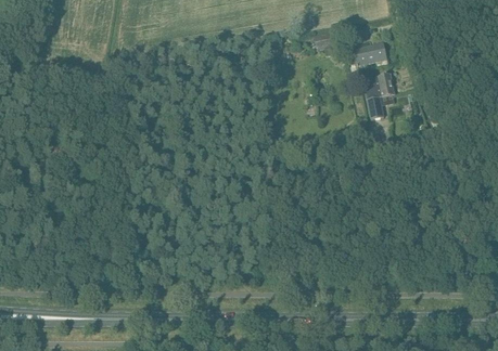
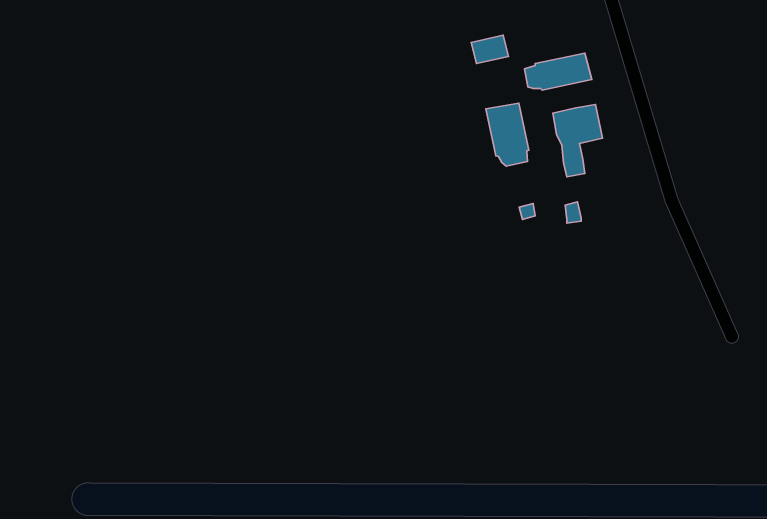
building: none -> [486,103,529,166]

